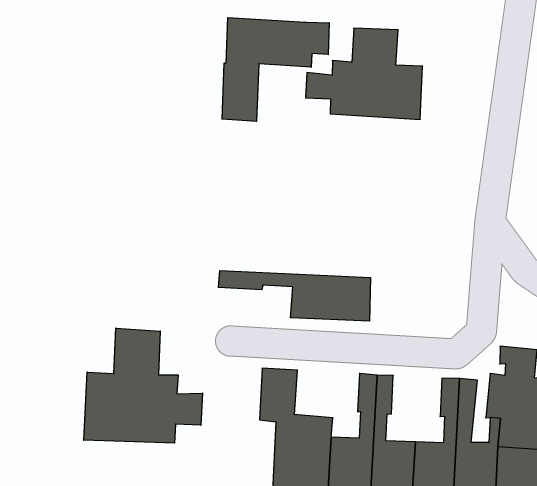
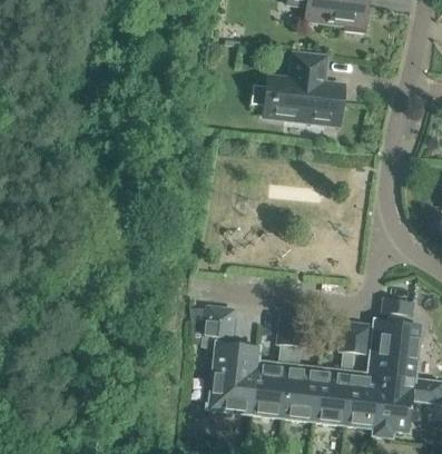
building: [222,18,329,121] -> none
building: [218,271,370,321] -> none
building: [84,328,202,443] -> none

